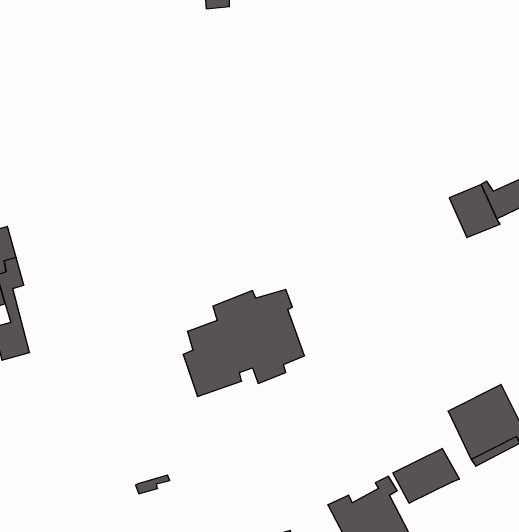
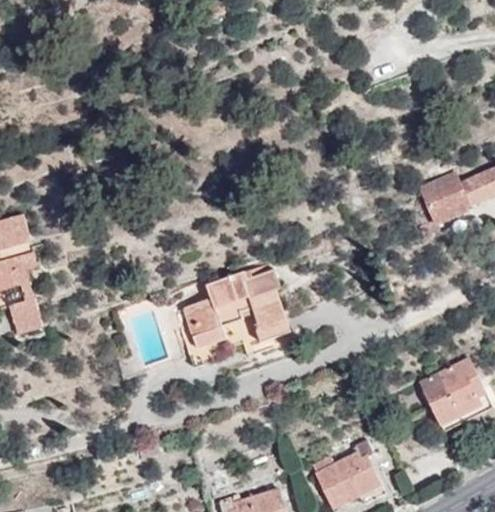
building: [393,448,459,503] -> none

